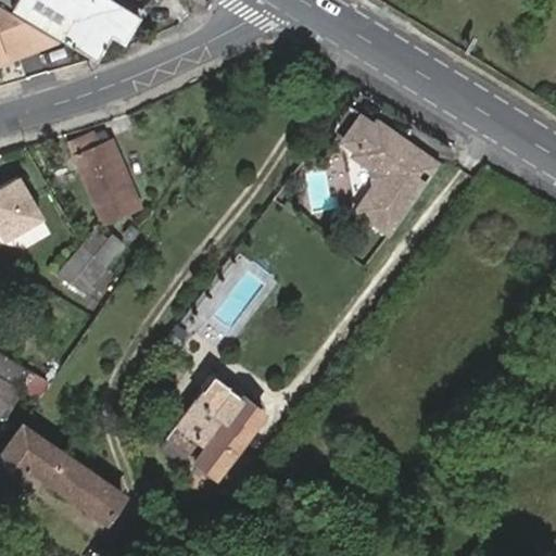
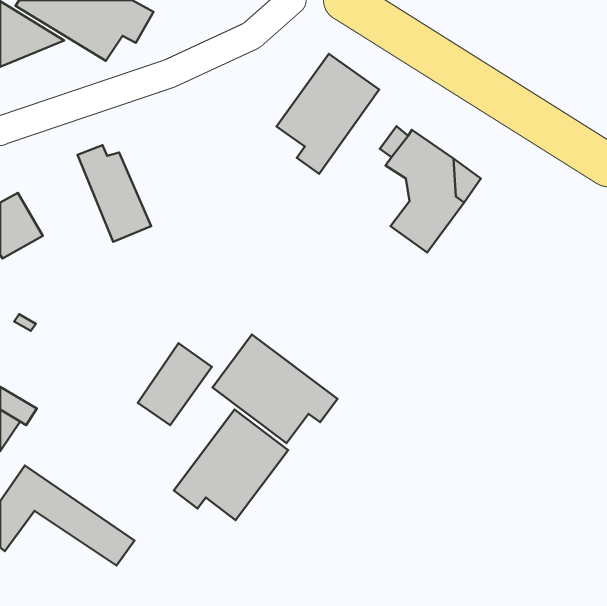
building: none -> [277,54,379,174]
building: [56,224,124,299] -> [138,343,212,425]
building: none -> [212,334,338,443]

